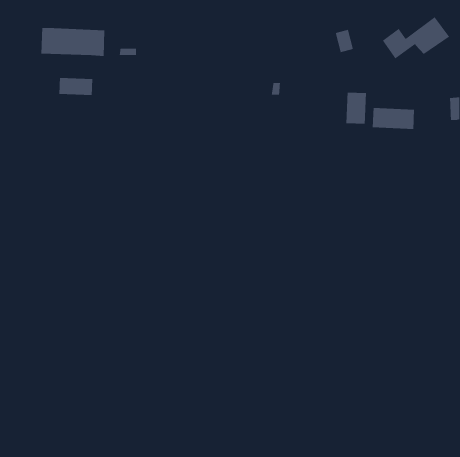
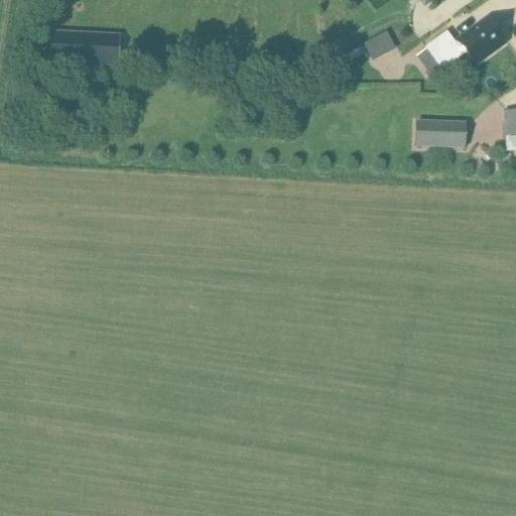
building: [59,77,93,96] -> none
building: [346,92,367,125] -> none

